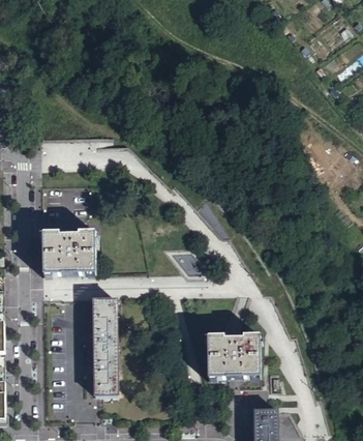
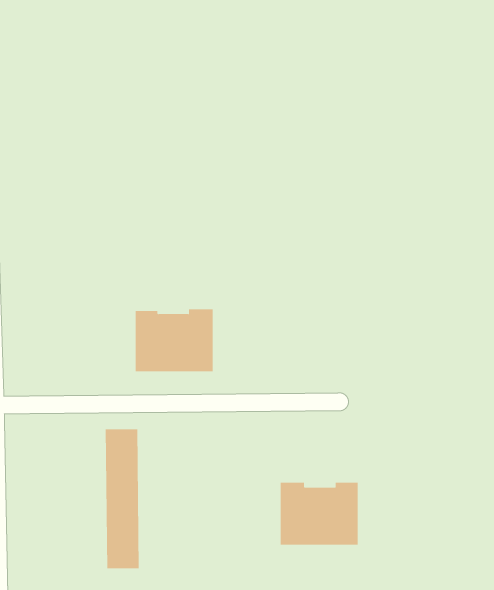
building: [42,234,94,275] -> [135,309,213,372]

